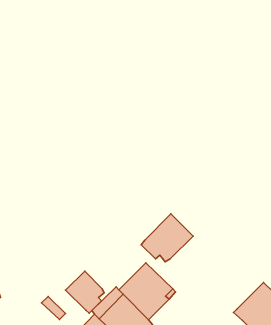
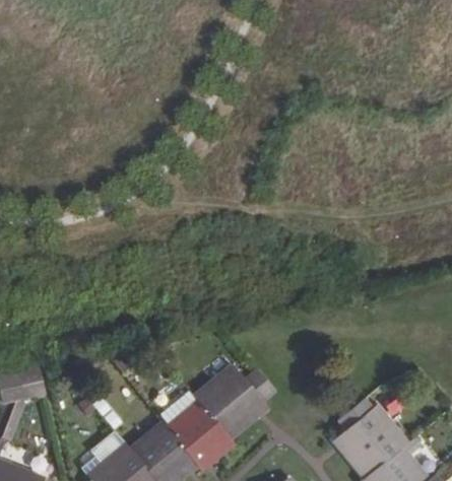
building: [141,214,193,262] -> none
building: [66,271,104,313] -> none

